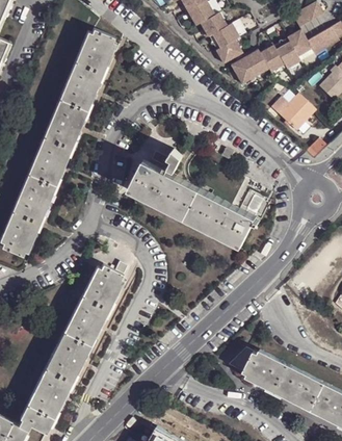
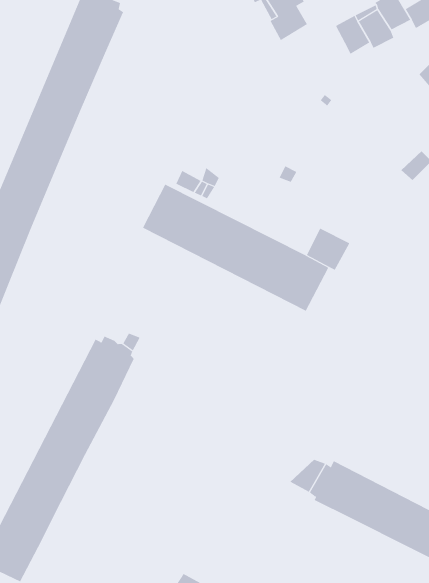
building: [232,49,269,84] -> none
building: [279,94,316,131] -> none

